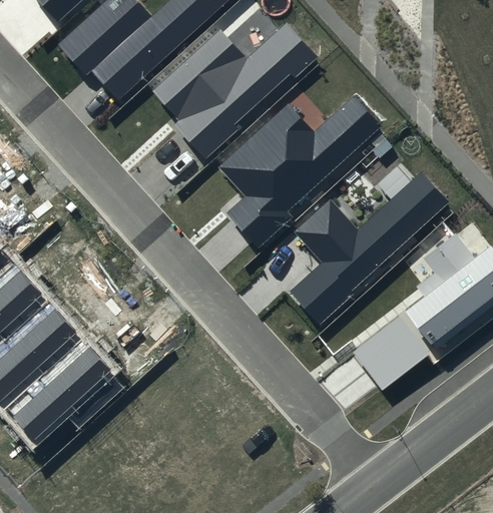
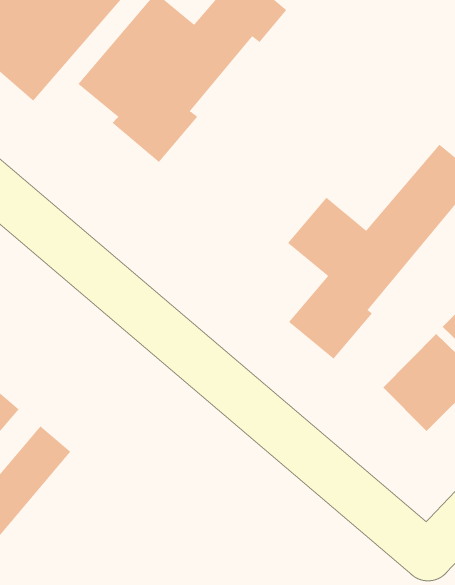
building: [220,95,382,248] -> none

